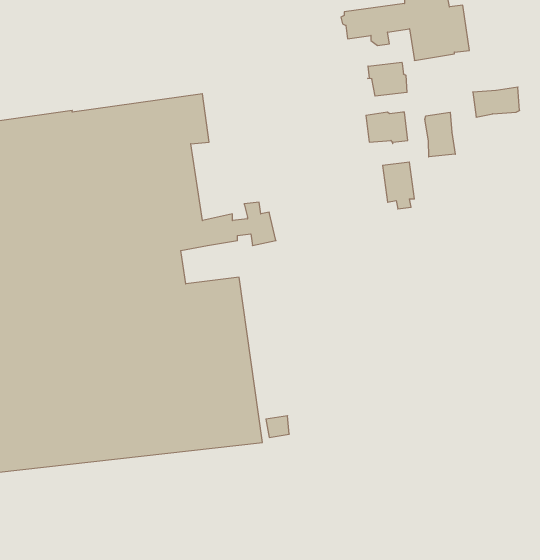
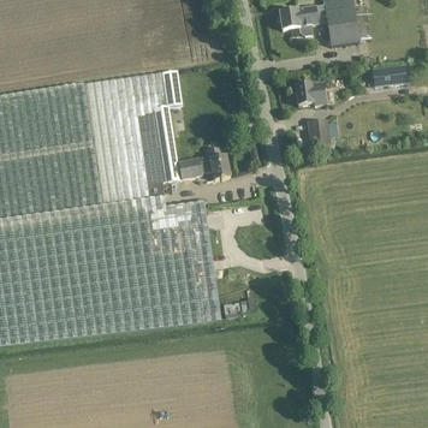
building: [368,62,407,96] -> none
building: [425,112,455,157] -> none

